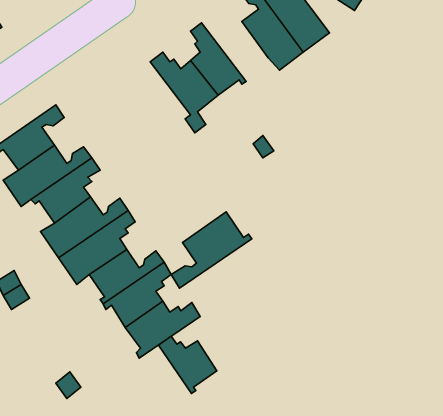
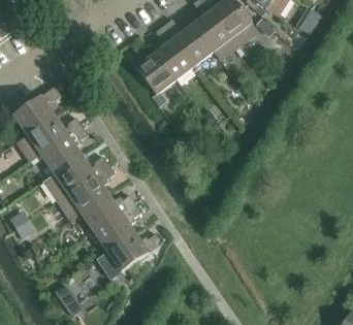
building: none -> [164,19,214,68]
building: [171,212,252,288] -> none
building: [158,336,217,394] -> none

